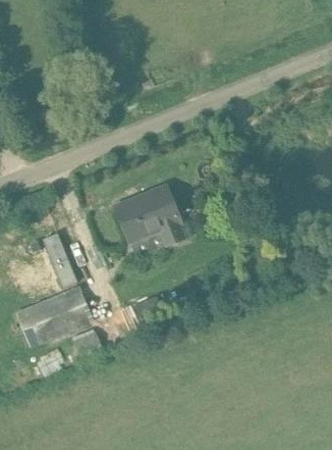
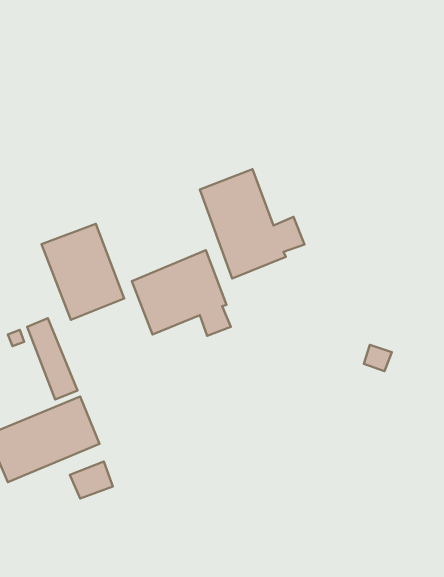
building: none -> [200,169,305,278]
building: none -> [42,224,124,320]

